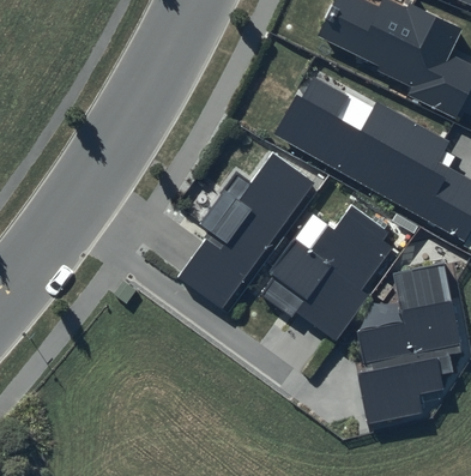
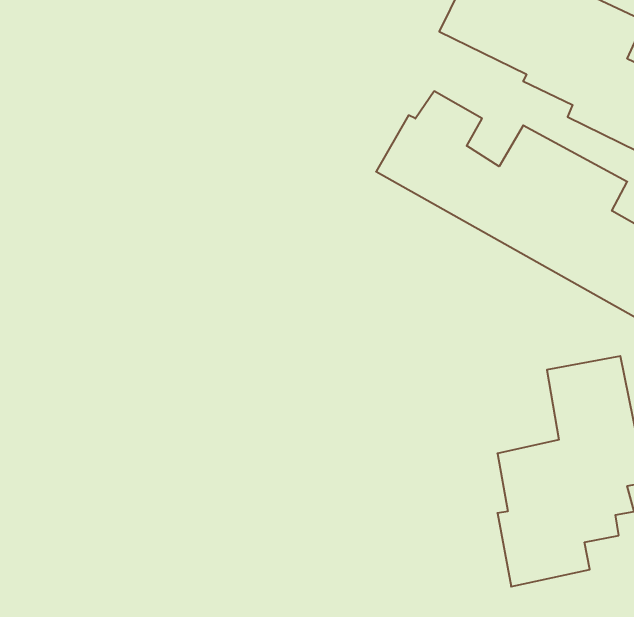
building: [179,153,314,308] -> none
building: [259,205,393,341] -> none

